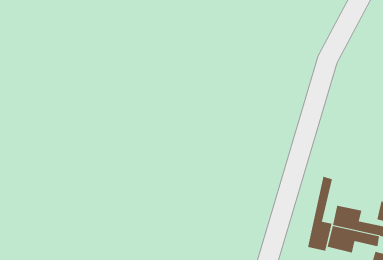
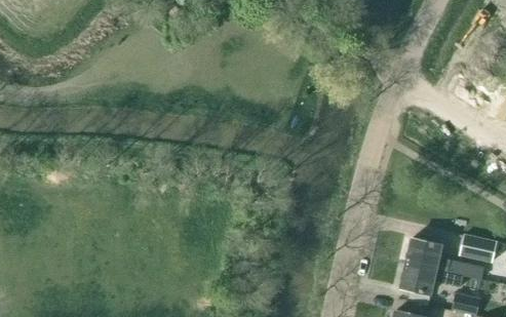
building: [307,176,333,252] -> none

